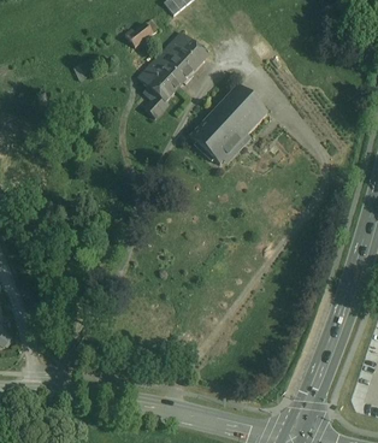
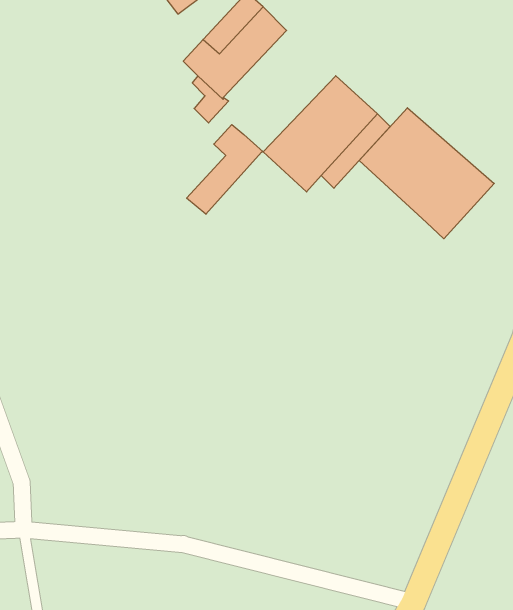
building: none -> [359,108,494,239]
building: none -> [187,125,263,214]

